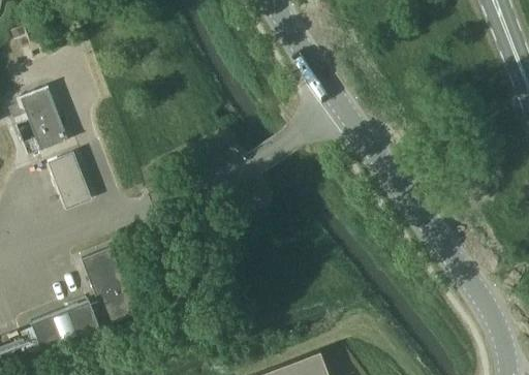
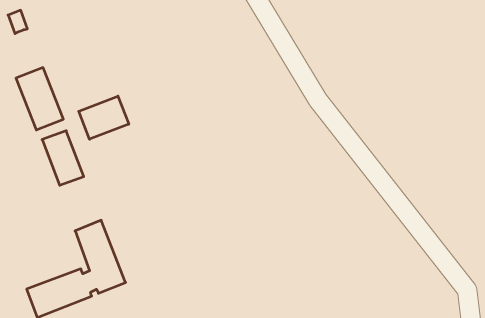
building: none -> [79,96,129,139]

